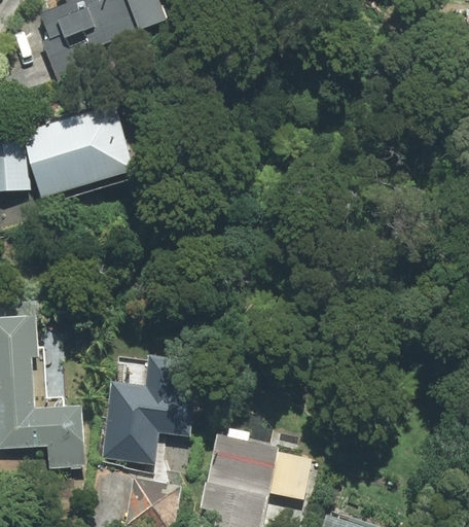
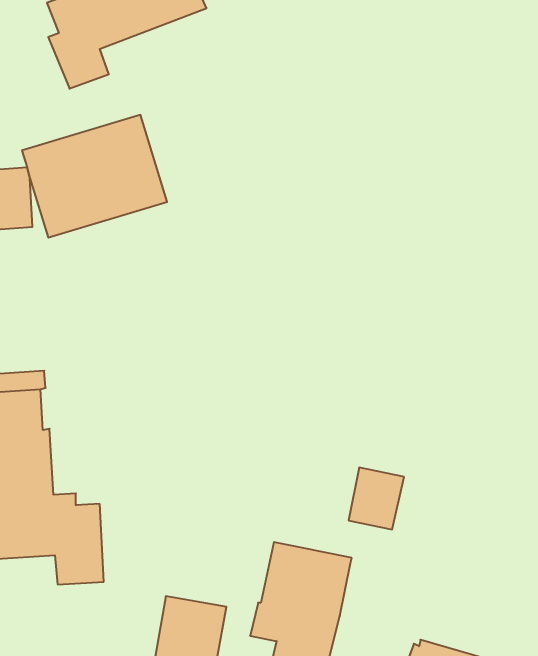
building: [101,356,196,464] -> none
building: [268,452,312,500] -> [349,468,404,530]

